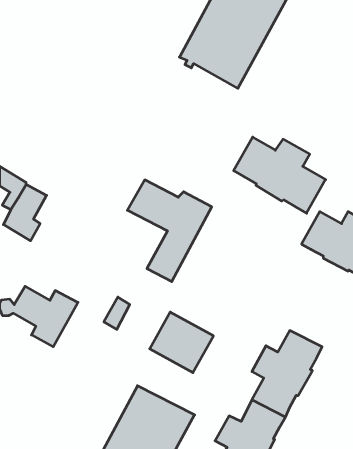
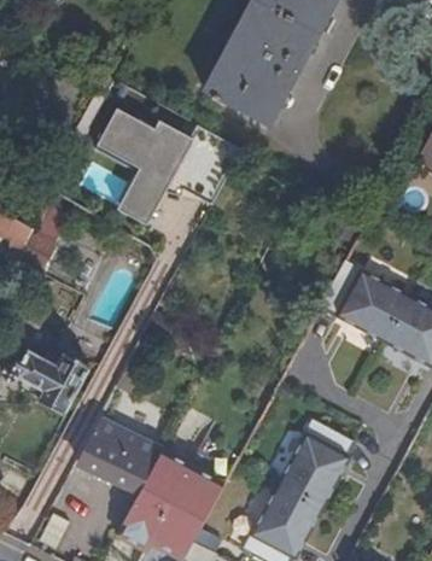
building: [234,137,326,213] -> none
building: [127,180,212,282] -> [100,113,194,227]
building: [150,312,213,373] -> [80,421,151,489]

